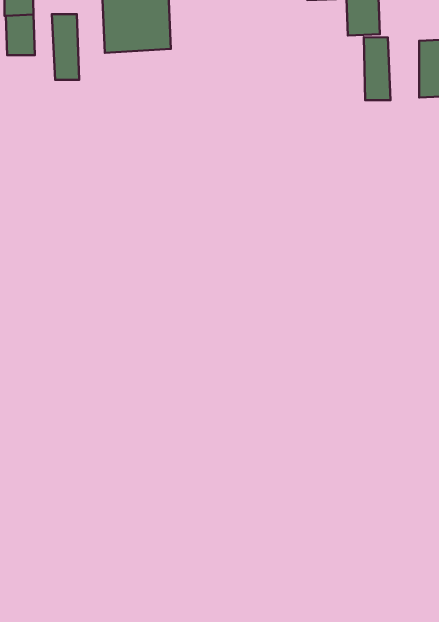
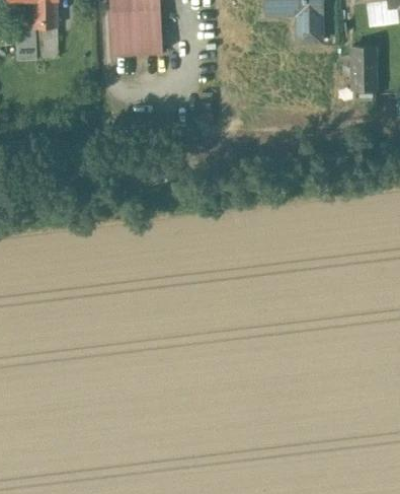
building: [52,14,79,80] -> none
building: [364,37,391,100] -> none

